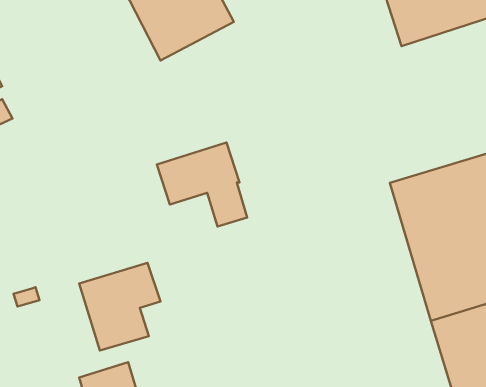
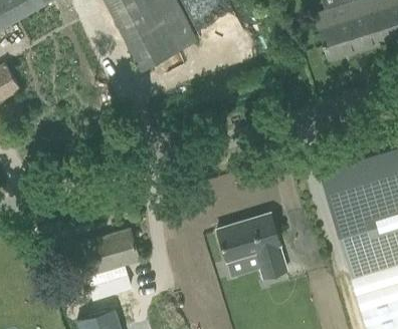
building: [157,143,247,226] -> [216,213,286,278]

